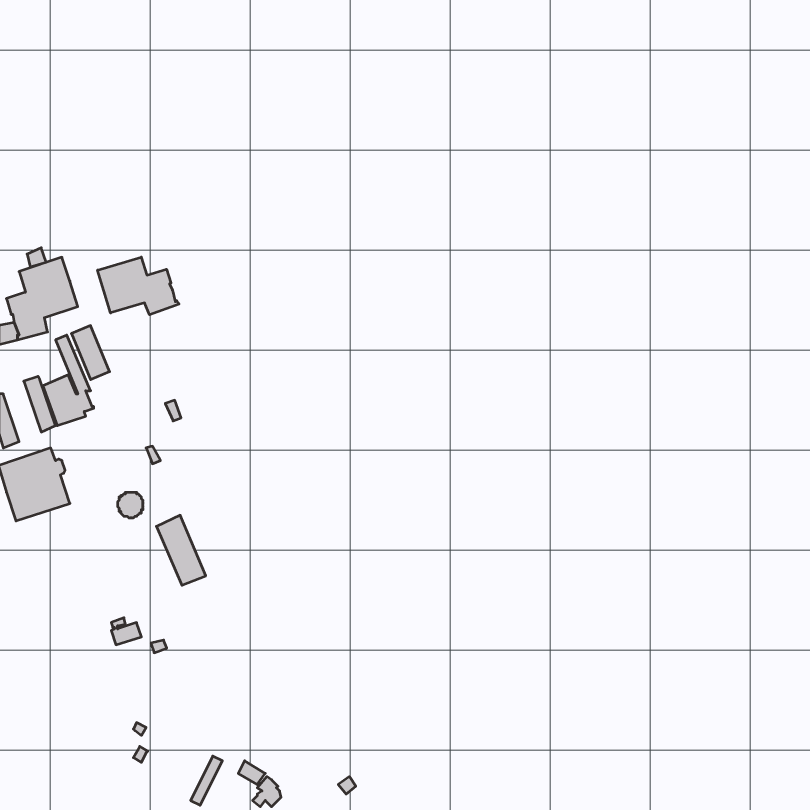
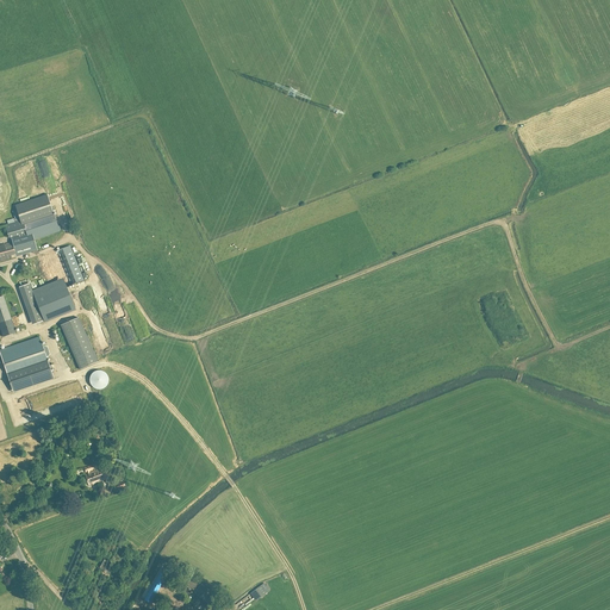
building: [98,257,179,315] -> none
building: [156,515,206,585] -> [60,316,97,368]

